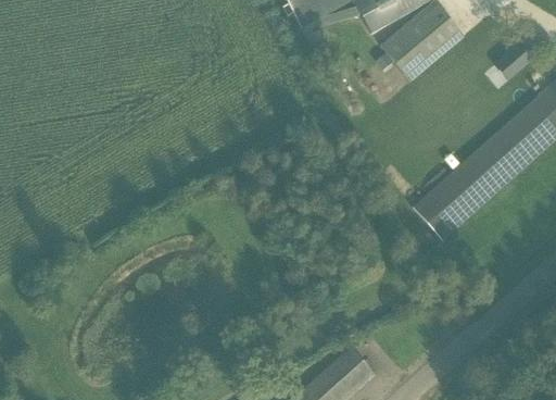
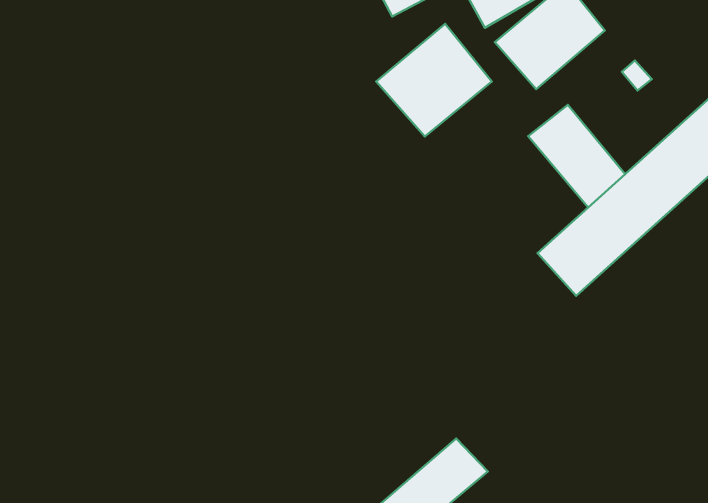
building: none -> [376,24,492,137]
building: none -> [528,105,625,208]

